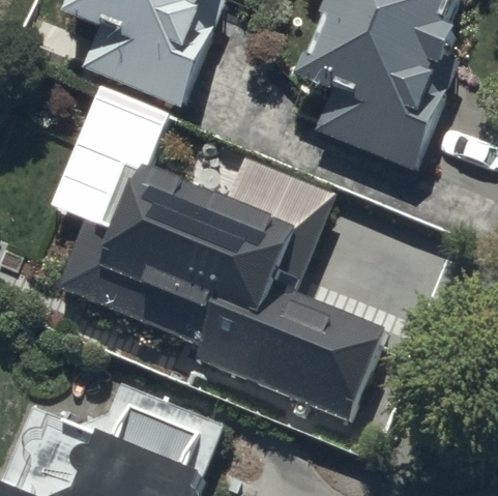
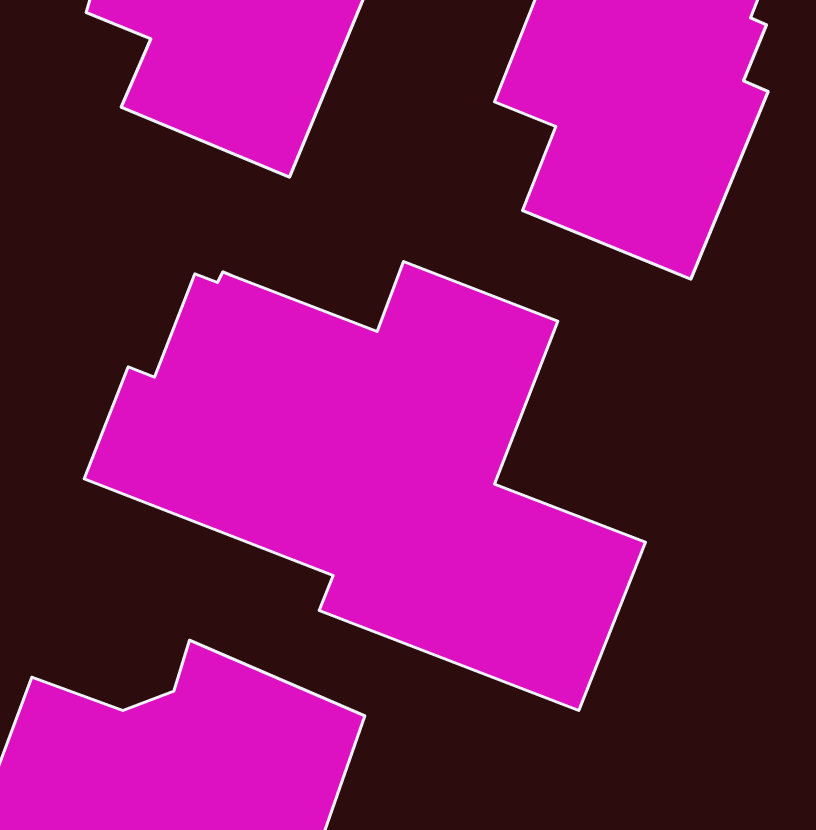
building: [48,85,167,226] -> none

